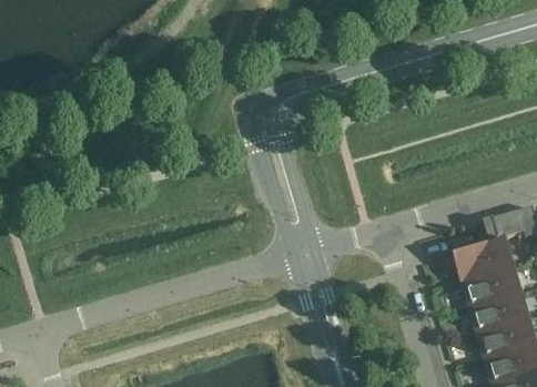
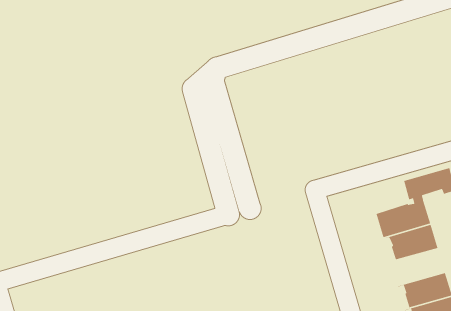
building: [467,292,527,332] -> none

